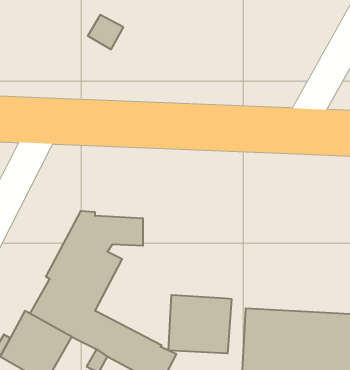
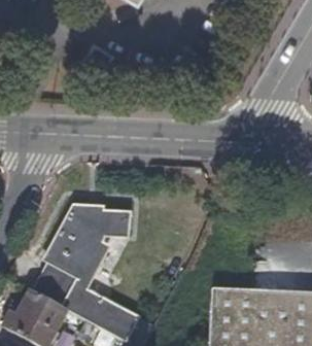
building: [168,295,232,354] -> none

